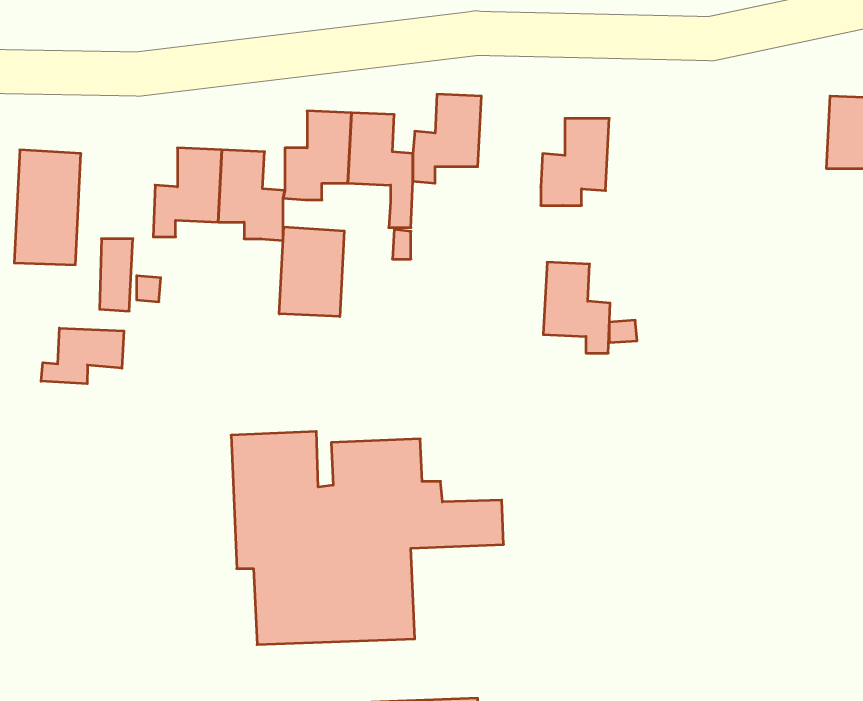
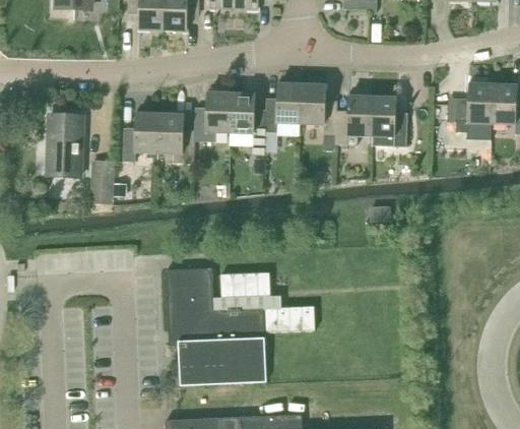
building: none -> [447,83,493,133]
building: none -> [300,84,336,134]
building: [279,227,344,317] -> none
building: [543,262,610,353] -> [370,97,406,146]
building: [41,328,124,384] -> none

